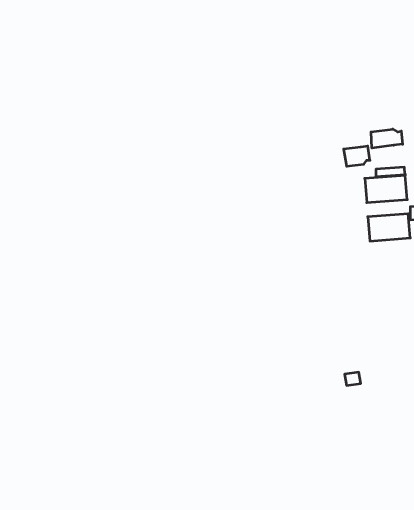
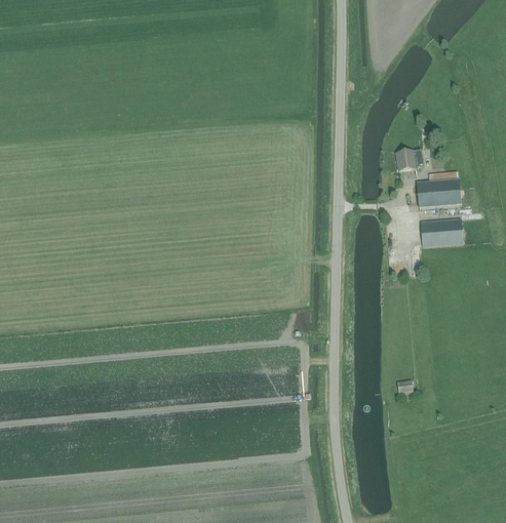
building: [371,129,403,148] -> none

